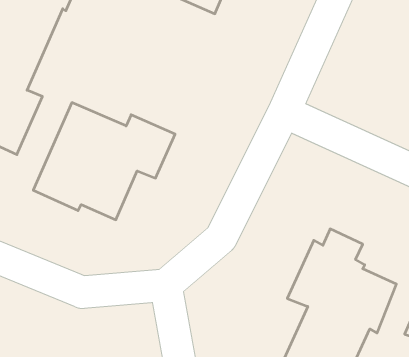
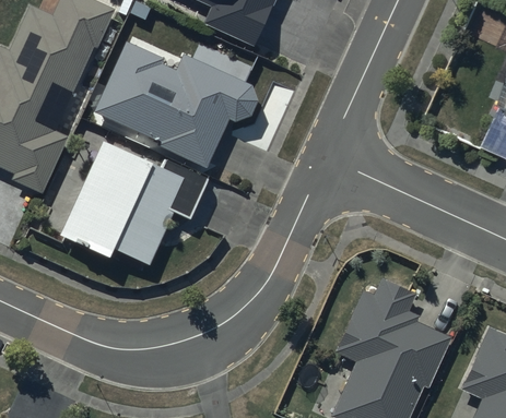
building: none -> [98,43,257,166]

